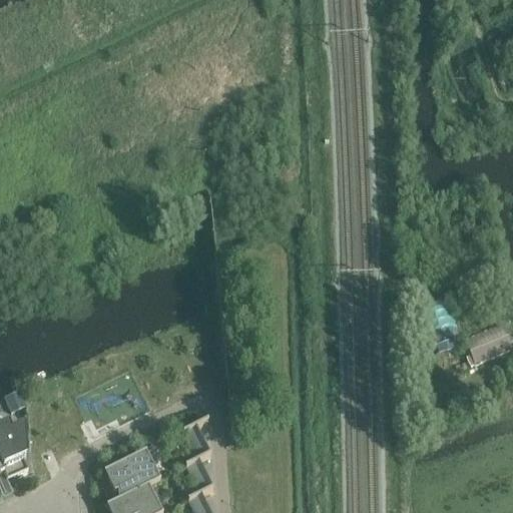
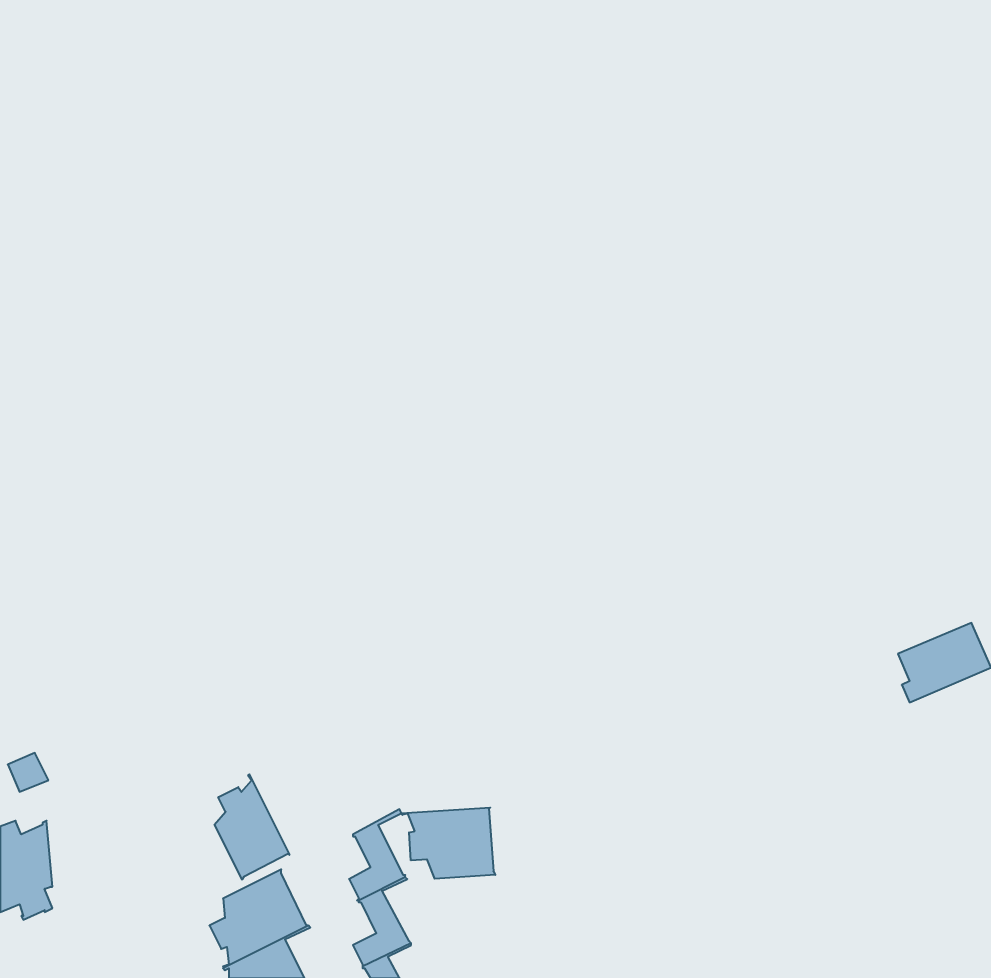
building: none -> [215,774,289,880]
building: none -> [401,808,495,879]

